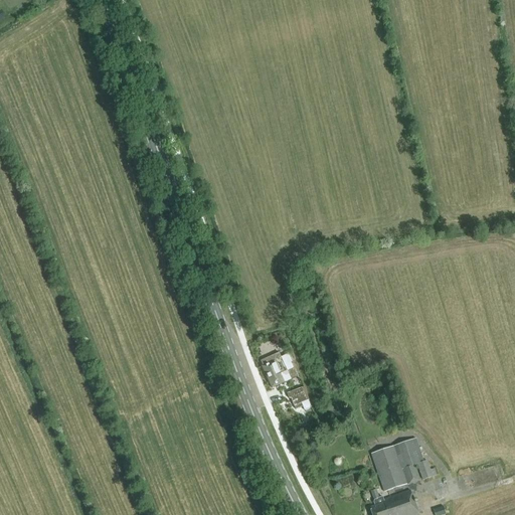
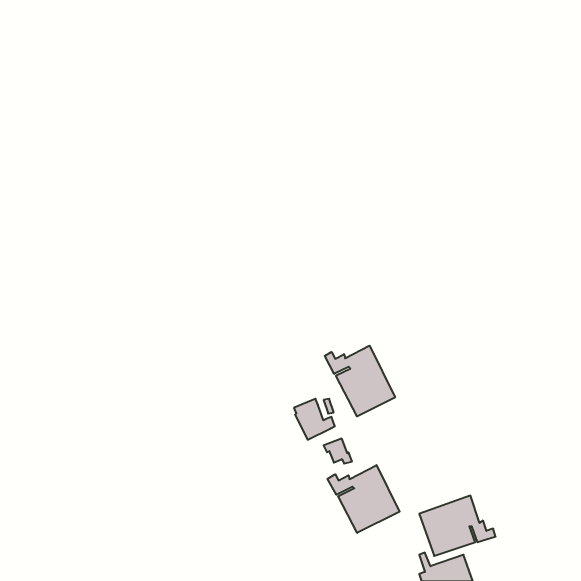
building: none -> [325,346,395,416]
building: none -> [328,465,400,533]

